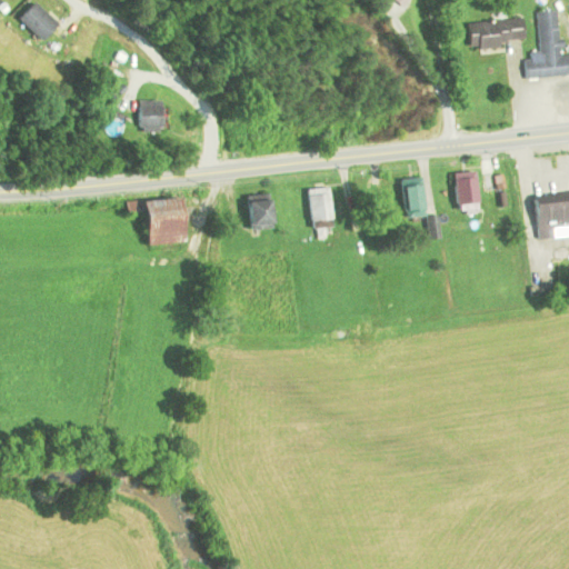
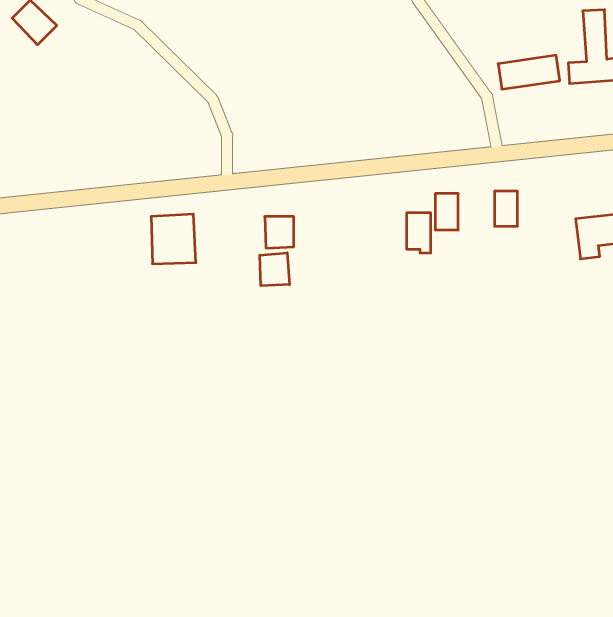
building: [470,17,527,48] -> [498,55,560,89]
building: [133,97,160,133] -> none
building: [312,187,335,223] -> [407,213,431,253]
building: none -> [260,253,289,286]

